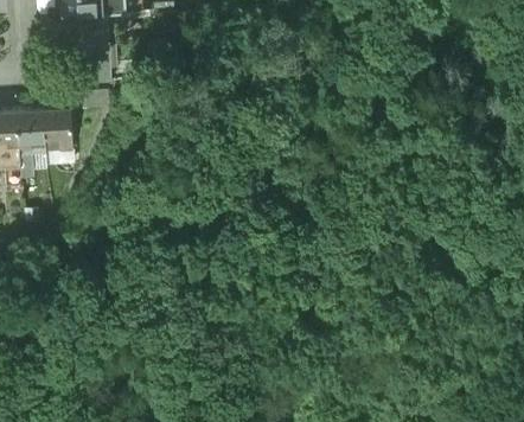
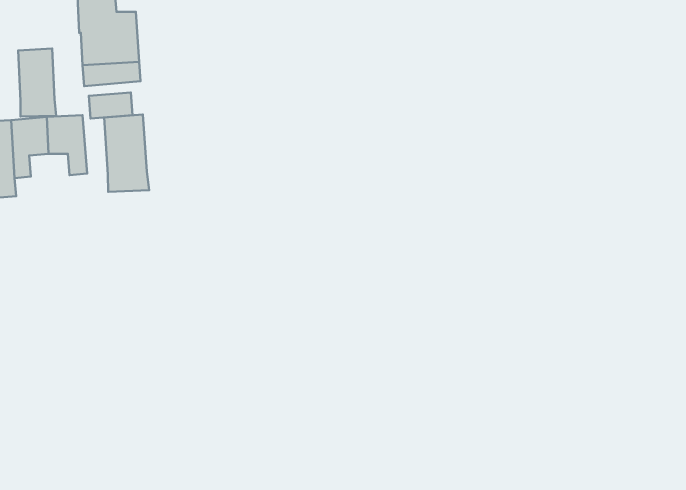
building: none -> [18,49,56,116]
building: none -> [104,114,149,192]

